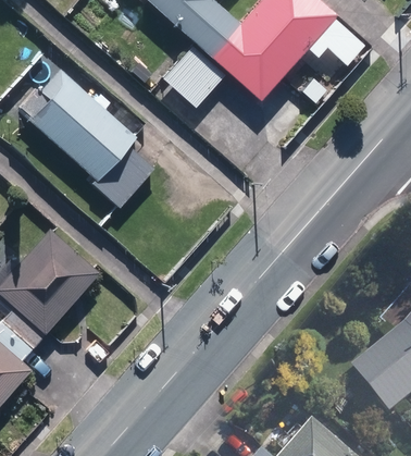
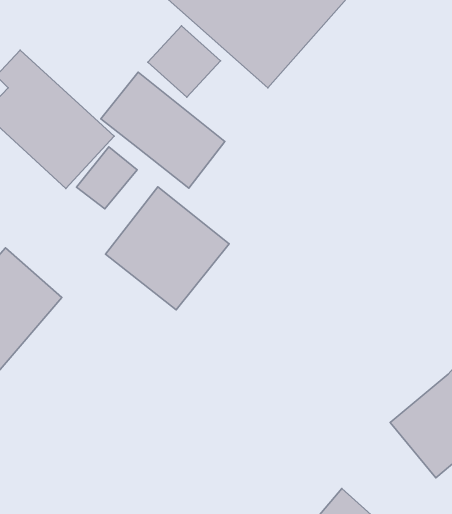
building: none -> [101,72,225,188]
building: none -> [105,187,229,310]

